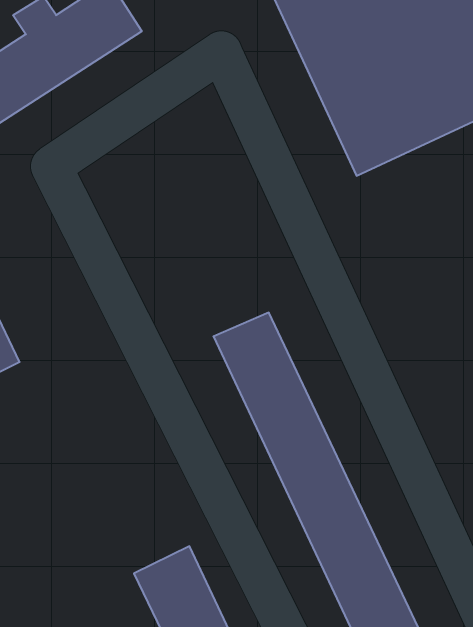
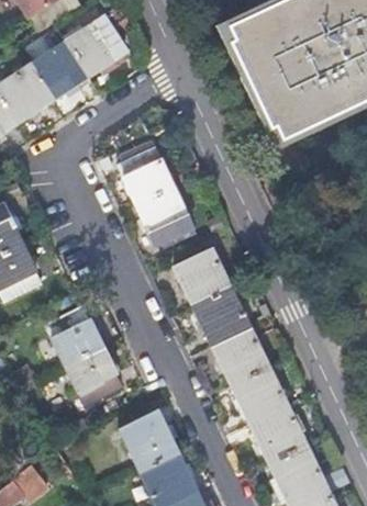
building: none -> [118,144,194,241]
building: none -> [47,304,122,401]

